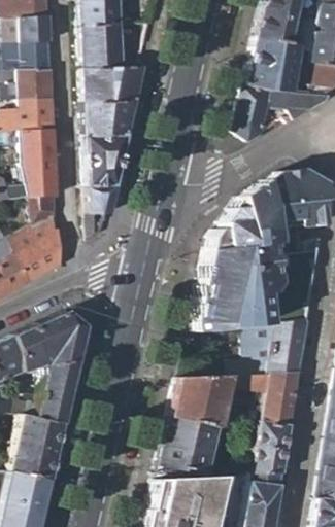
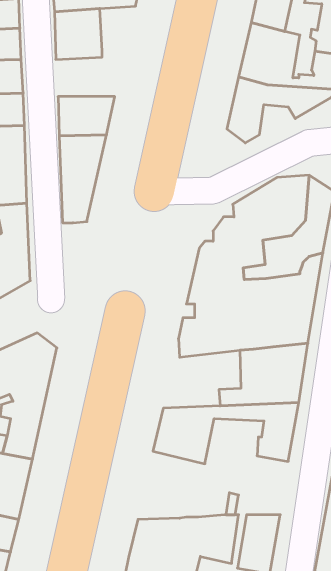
building: [82,59,145,101] -> none
building: [159,416,215,475] -> none
building: [241,417,290,472] -> none

